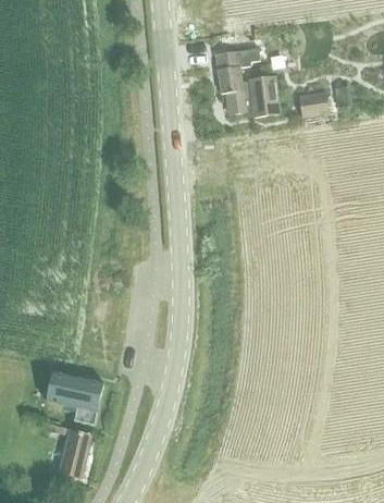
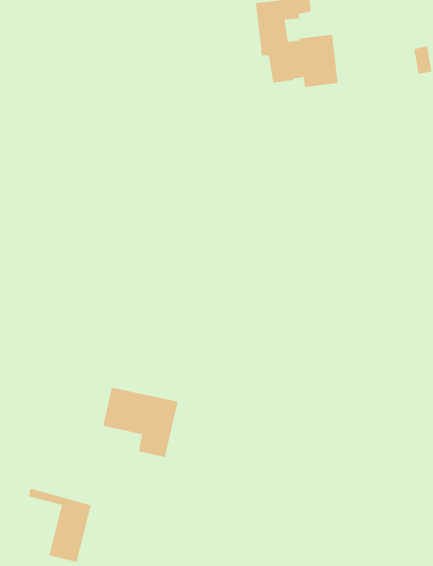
building: [298,93,327,118] -> none
building: [46,370,103,424] -> [102,387,179,457]

